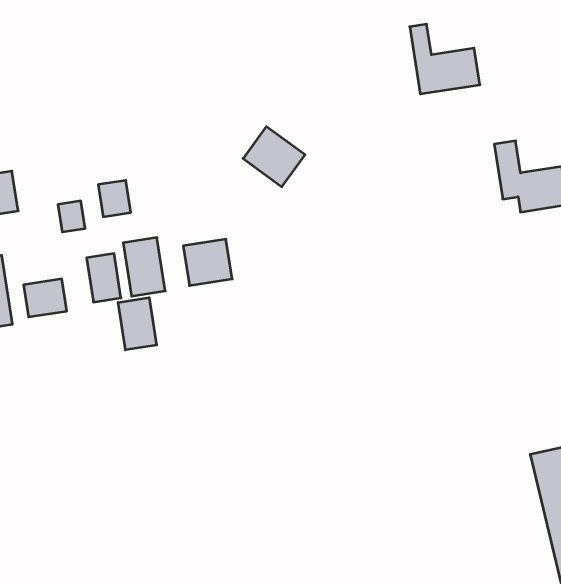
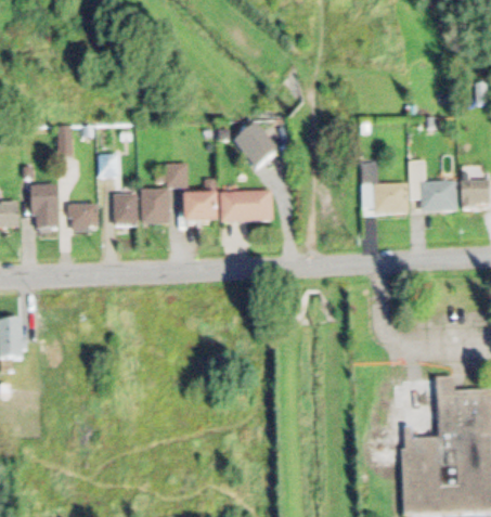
building: [410,24,480,94] -> [364,161,406,209]
building: [98,180,131,217] -> [169,161,189,184]
building: none -> [221,191,271,221]
building: [118,298,157,350] -> none

